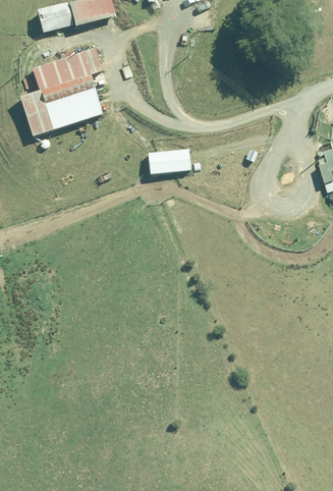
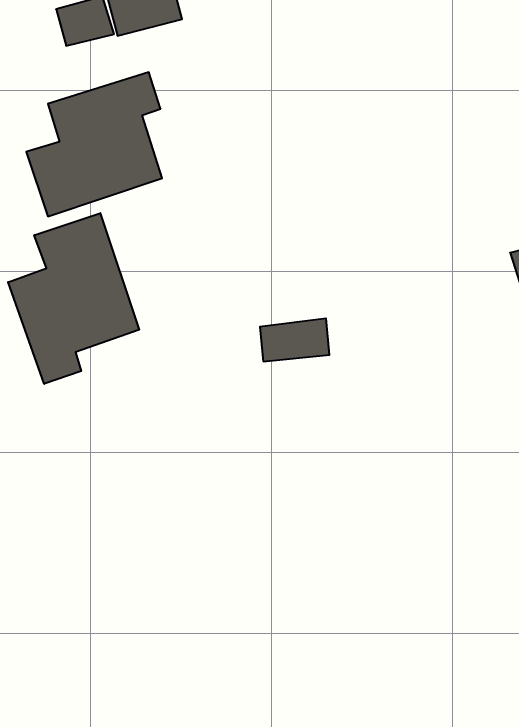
building: none -> [8,213,139,384]
building: [148,148,190,174] -> [260,318,329,361]

